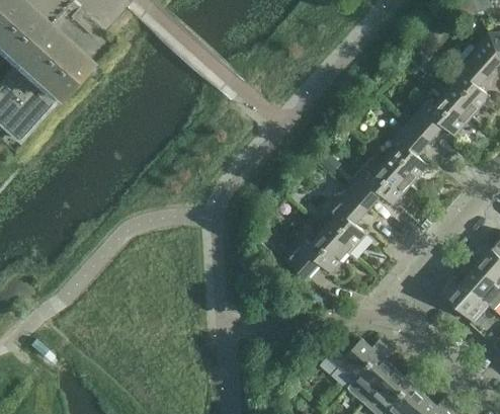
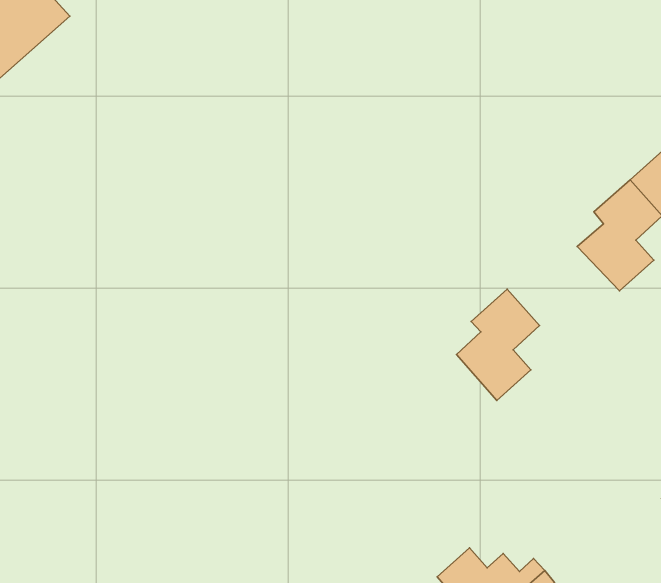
building: [349,163,412,210] -> none
building: [287,231,350,278] -> none

